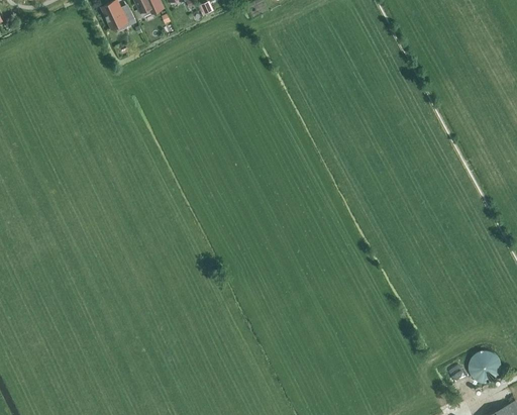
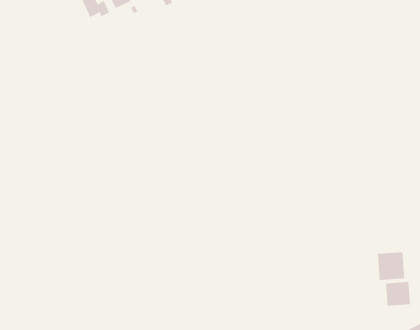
building: none -> [377,252,405,281]

